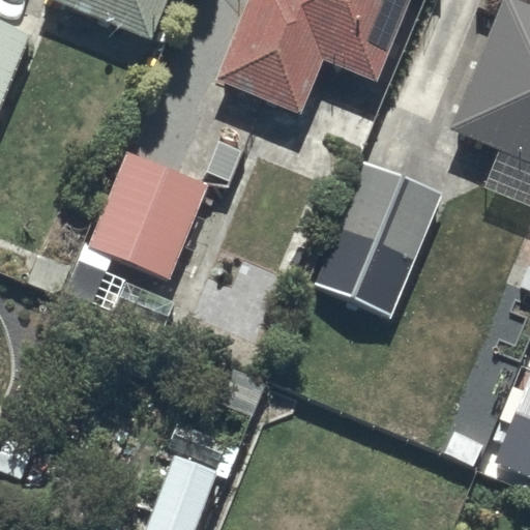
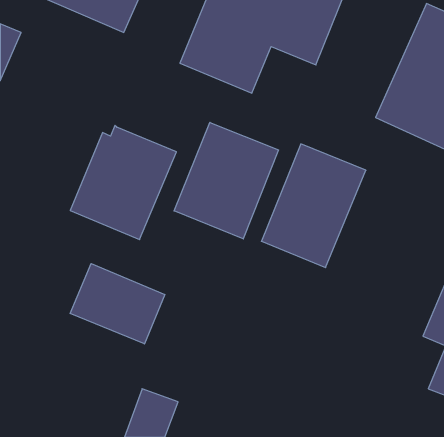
building: none -> [174,122,278,239]
building: none -> [70,264,165,344]

